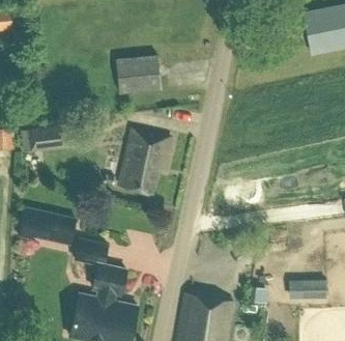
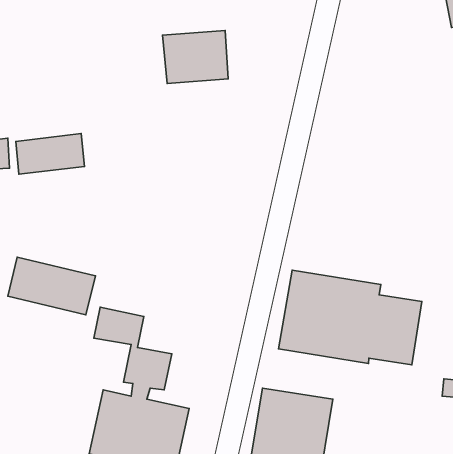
building: [119,130,170,193] -> none
building: none -> [279,270,422,365]

